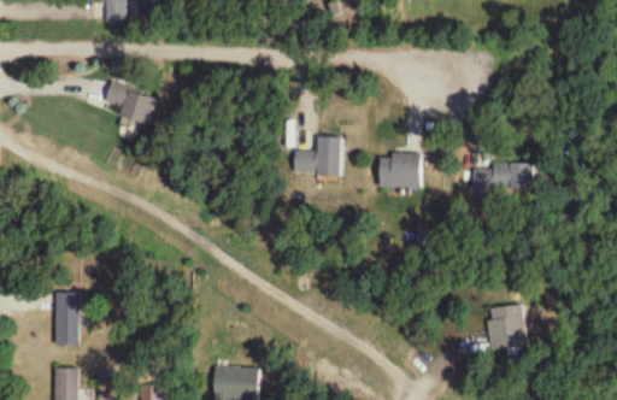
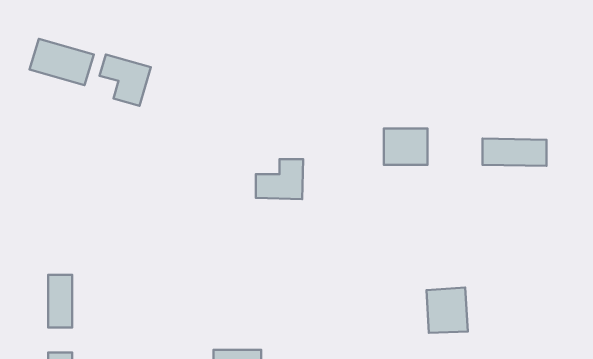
building: none -> [30,39,94,85]
building: [294,136,340,175] -> [256,159,303,199]
building: [487,305,527,348] -> [426,288,468,333]

